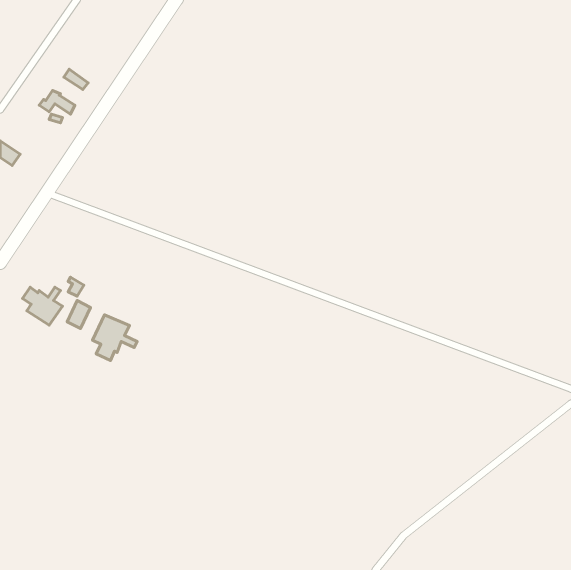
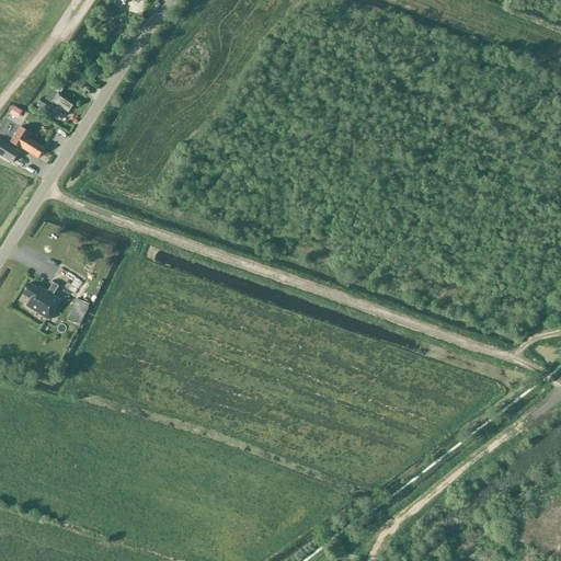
building: none -> [10,125,45,158]
building: [92,315,137,360] -> none

